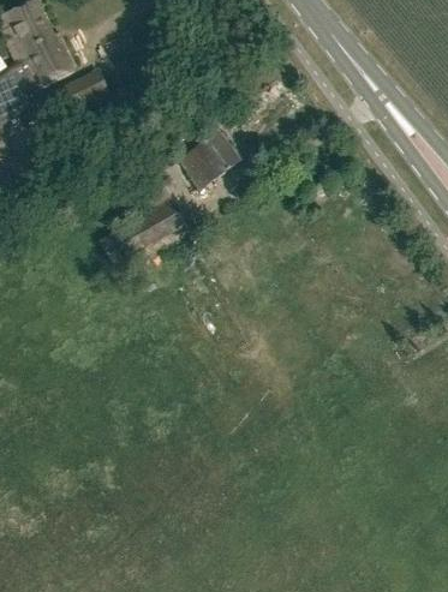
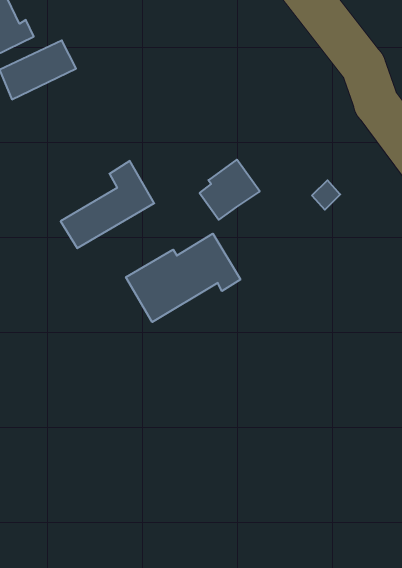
building: [185,130,241,186] -> [200,160,260,220]
building: none -> [126,234,240,322]

